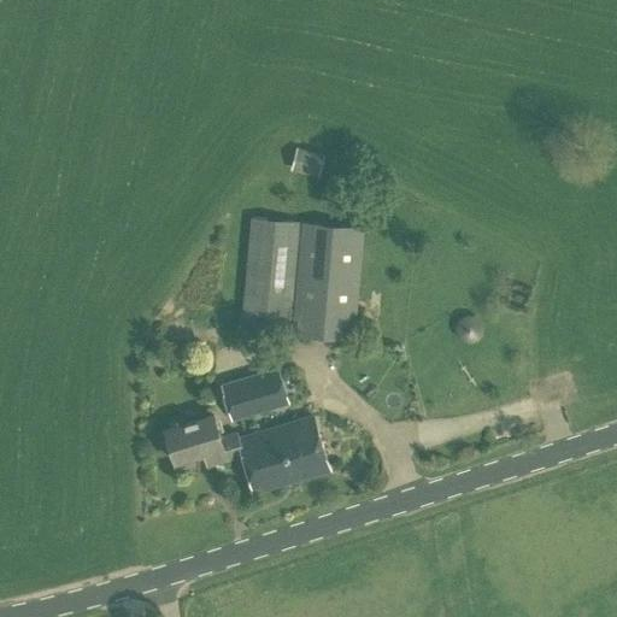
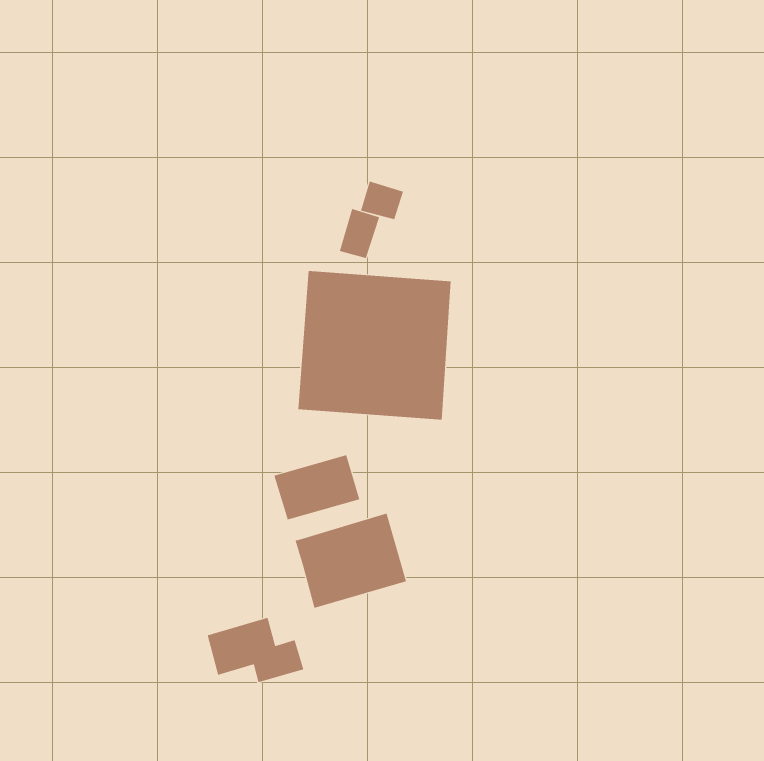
building: none -> [339,208,380,259]
building: [165,416,243,469] -> [207,617,304,683]

